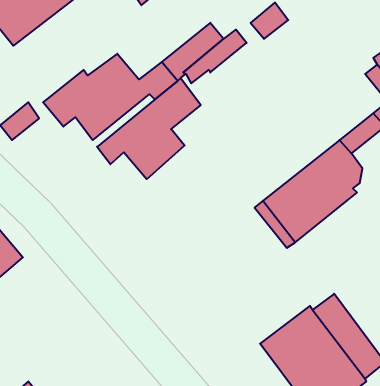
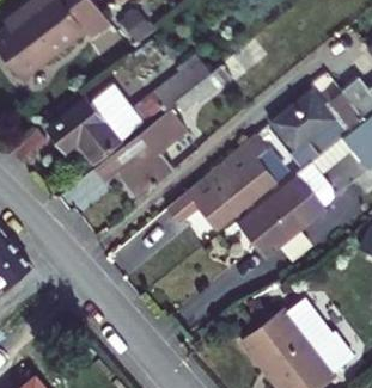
building: none -> [274,92,333,149]
building: none -> [167,125,297,228]

